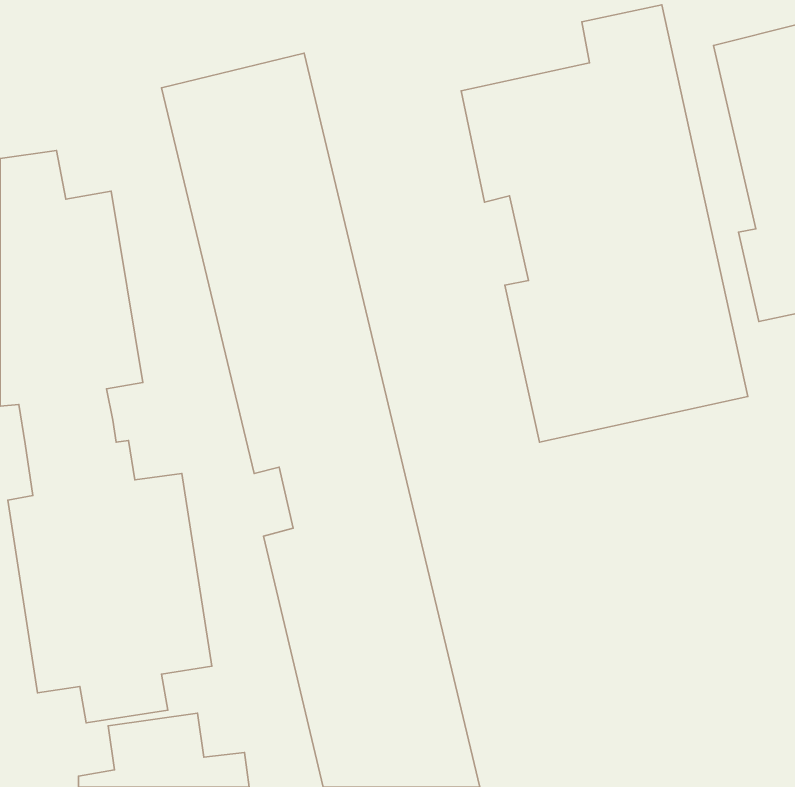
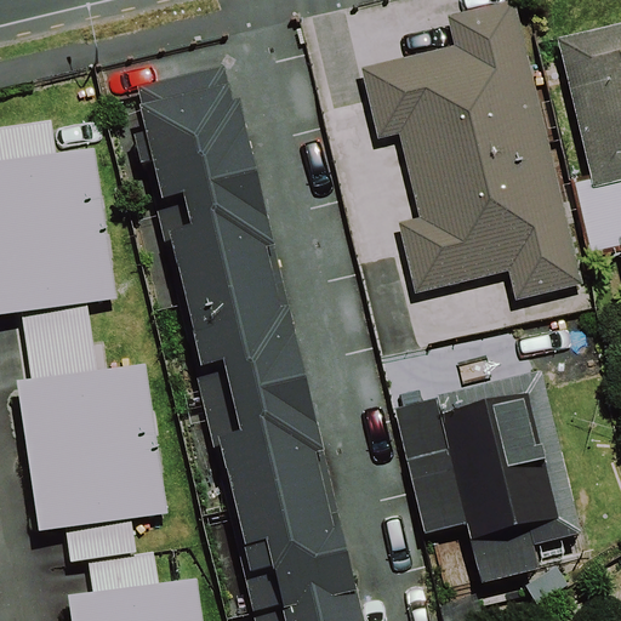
building: none -> [393,371,580,547]

